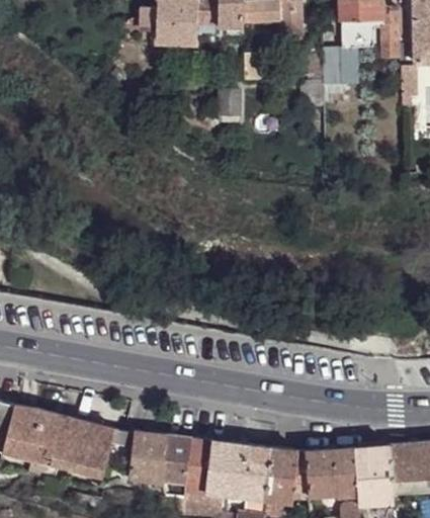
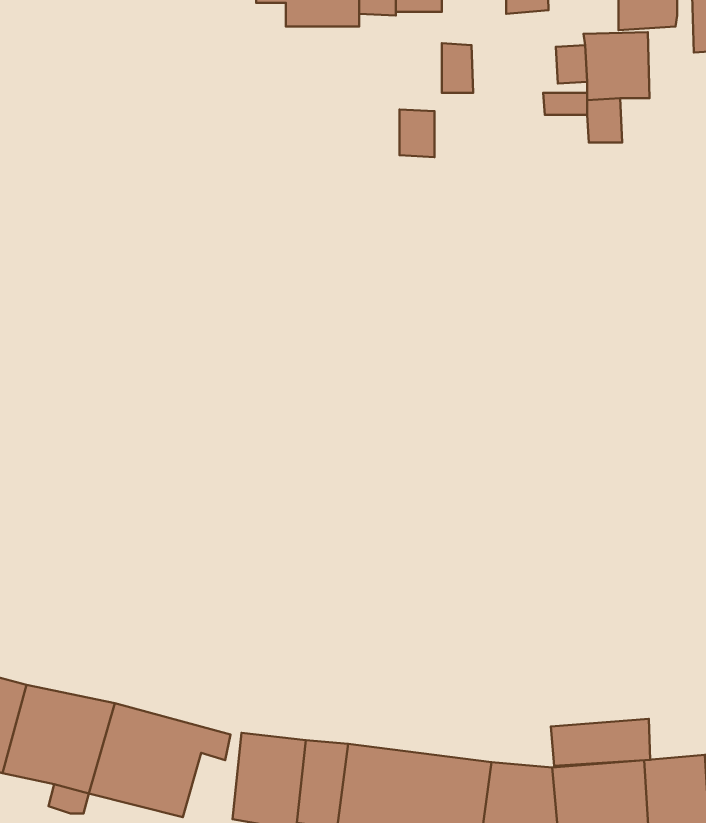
building: none -> [551,719,650,766]

